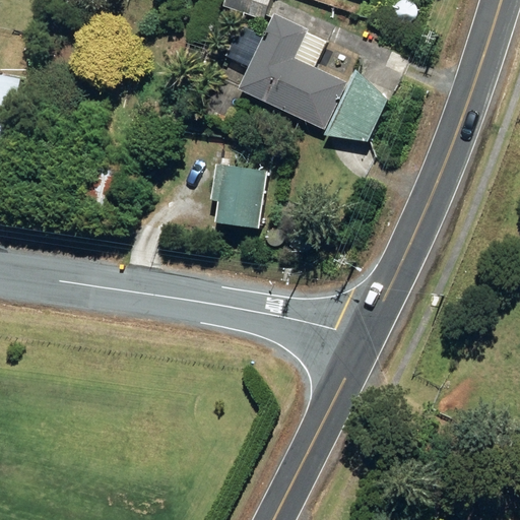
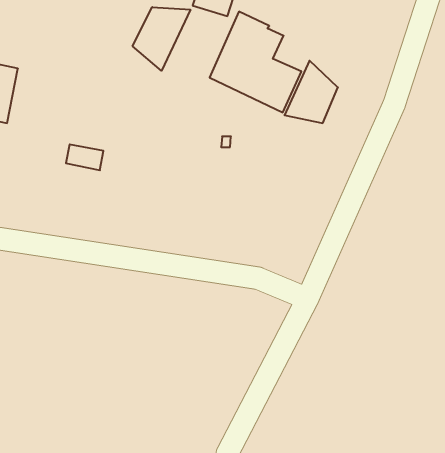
building: none -> [133,7,190,71]
building: [210,165,264,233] -> none

